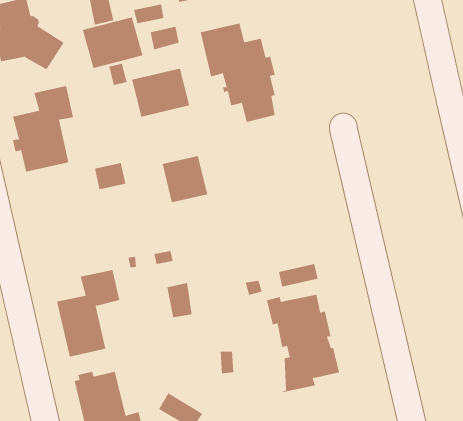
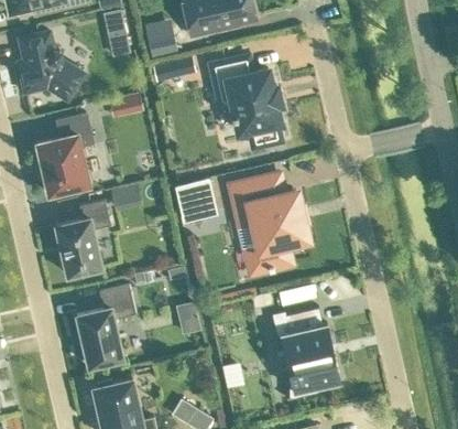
building: [82,16,143,69] -> none
building: [131,68,190,117] -> none
building: none -> [231,175,306,272]
building: none -> [55,200,110,279]

